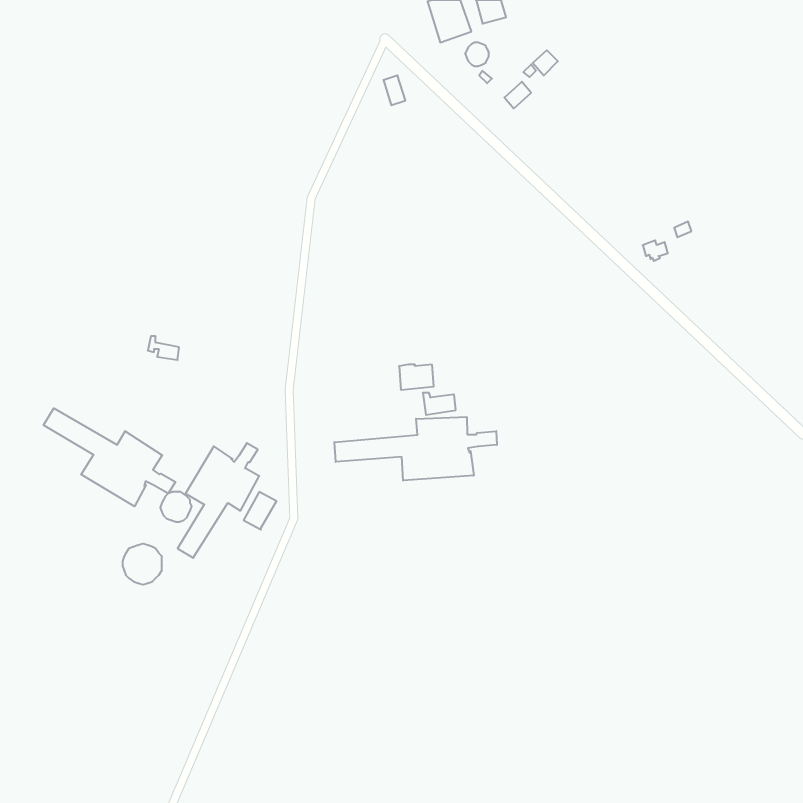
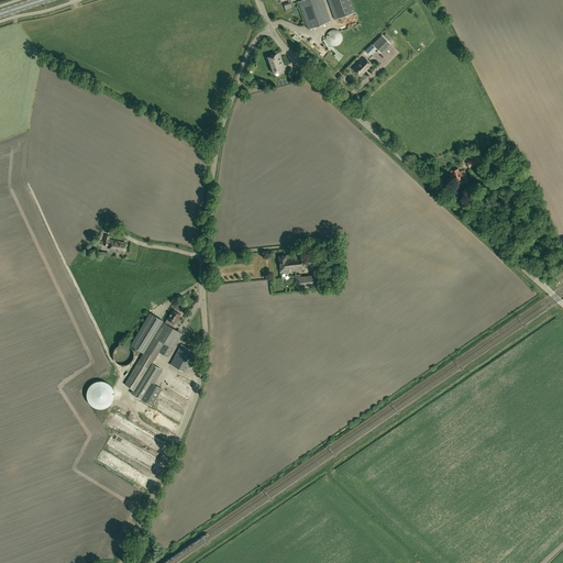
building: [44,408,175,506] -> none
building: [334,417,497,481] -> none

